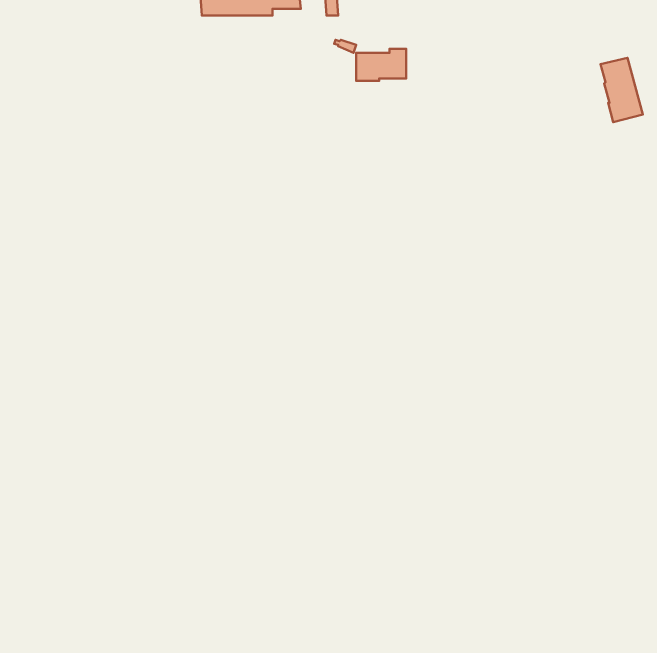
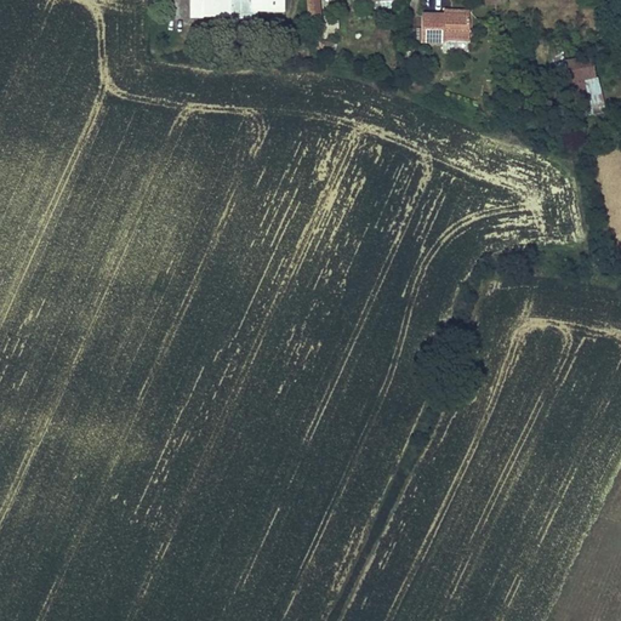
building: [356,49,406,81] -> [421,8,468,39]

